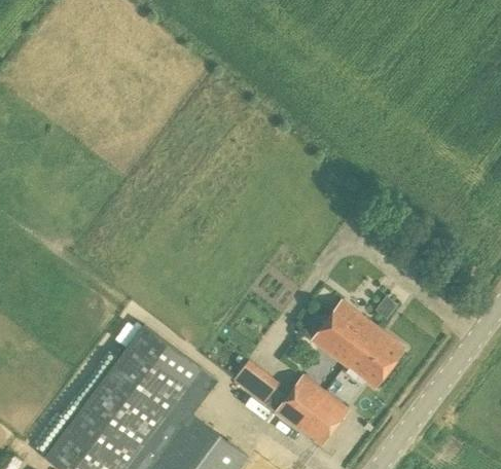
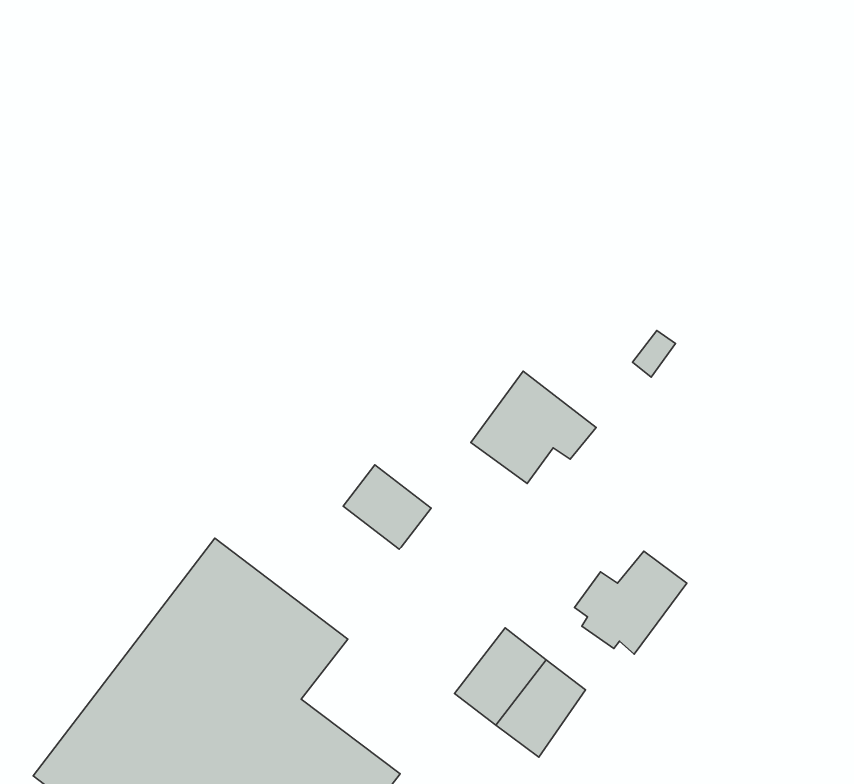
building: [311,301,380,363] -> [471,371,596,484]
building: [231,359,280,405] -> [343,465,431,549]

